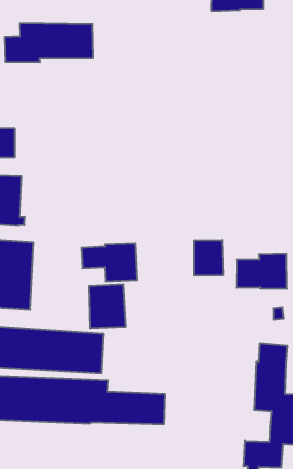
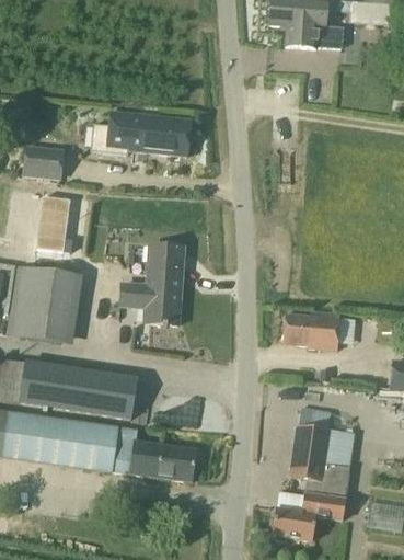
building: [5,23,93,62] -> [93,110,191,155]
building: none -> [148,242,184,284]
building: [194,240,223,275] -> none
building: [89,284,125,329] -> none

